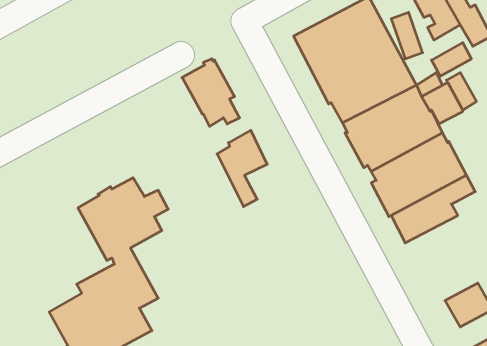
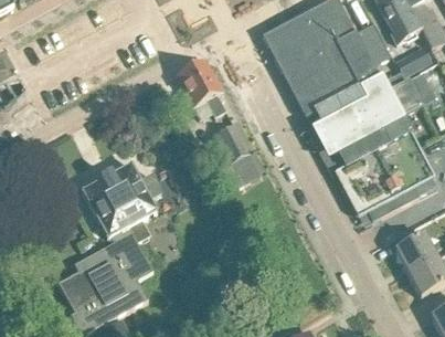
building: none -> [394,233,435,272]

